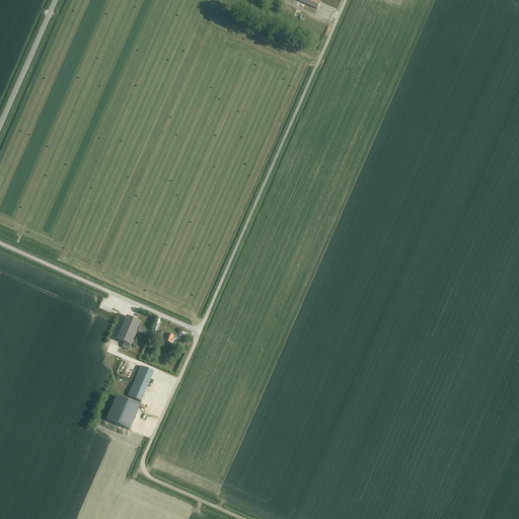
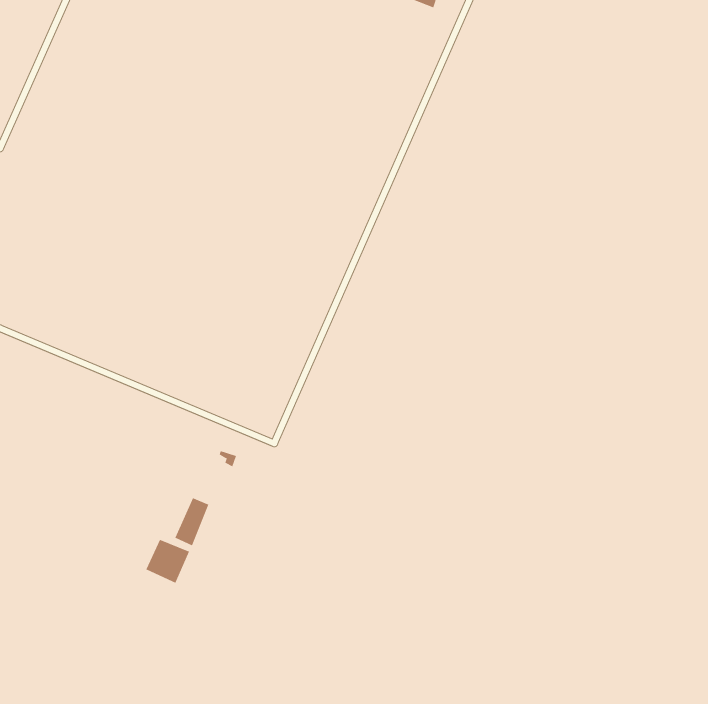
building: [117,313,140,348] -> none

